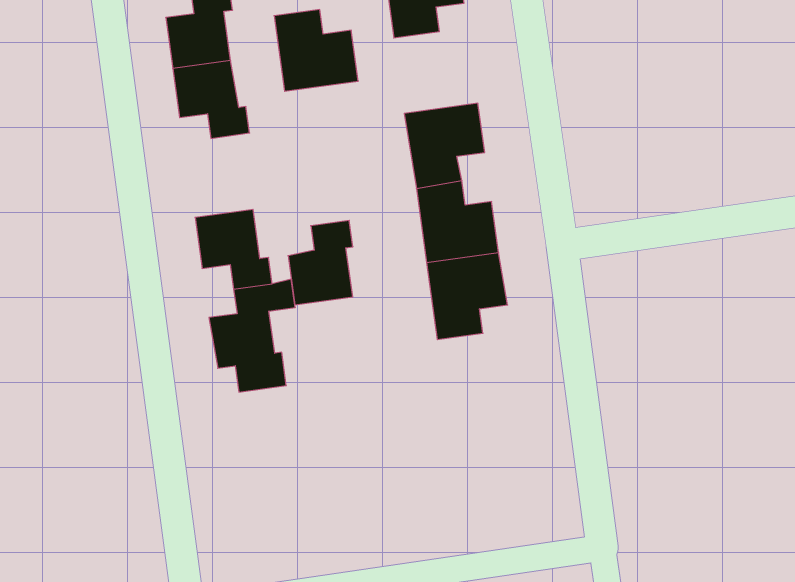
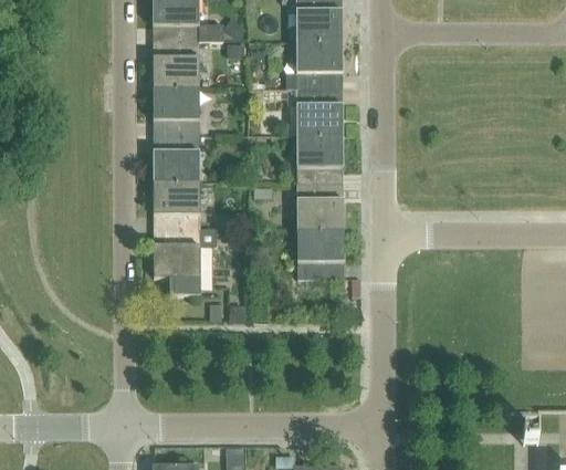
building: [274,10,358,91] -> [296,90,343,137]
building: [288,220,353,305] -> [158,136,199,184]

